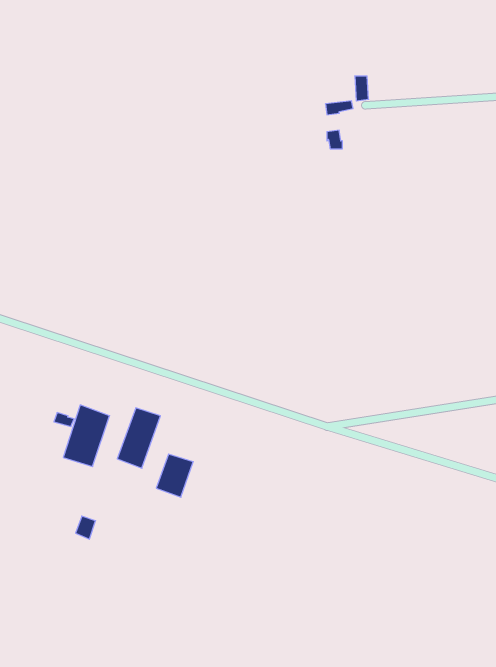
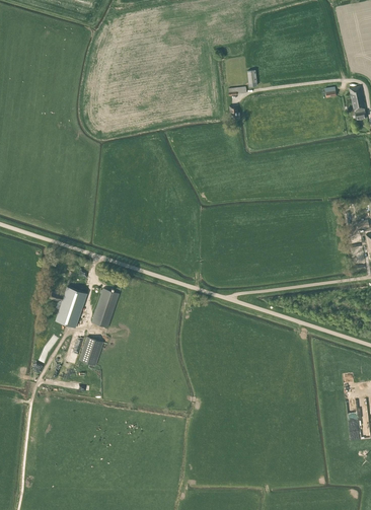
building: [156,454,193,497] -> [79,337,103,365]

